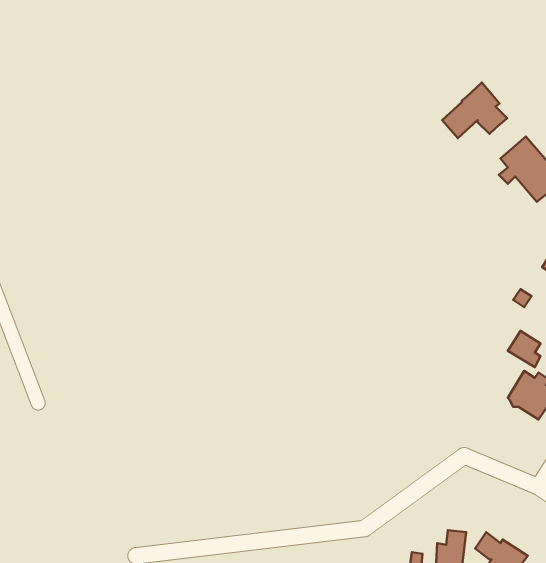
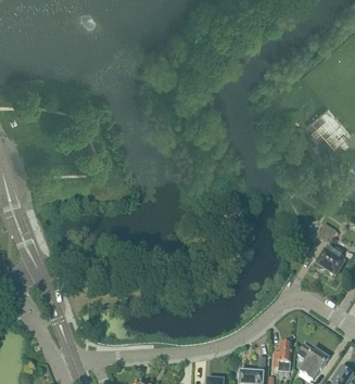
building: [442,82,507,138] -> none

